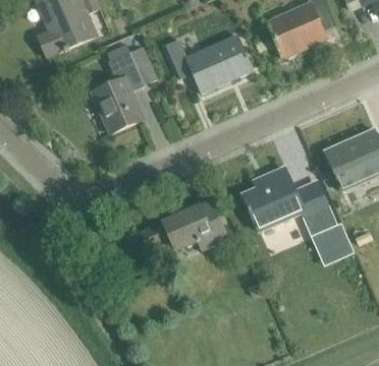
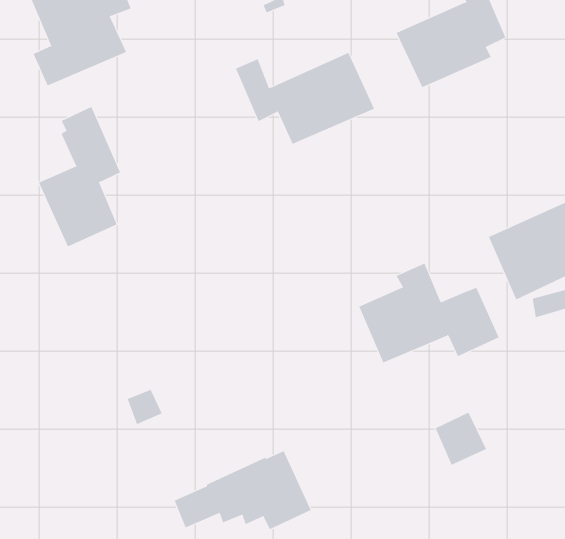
building: [92,44,144,132] -> [38,106,121,247]
building: [141,200,227,250] -> [174,450,312,530]
building: [314,226,346,259] -> [435,412,487,465]

